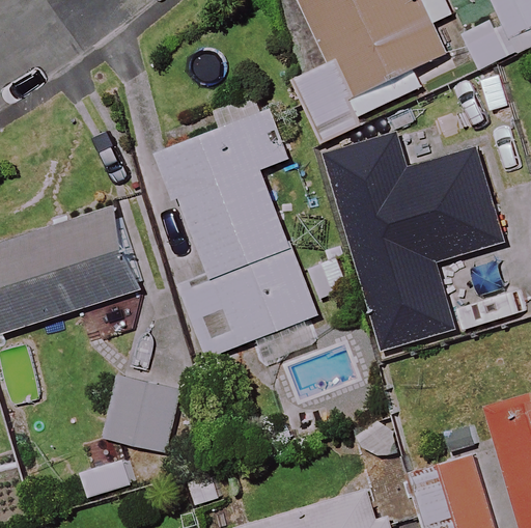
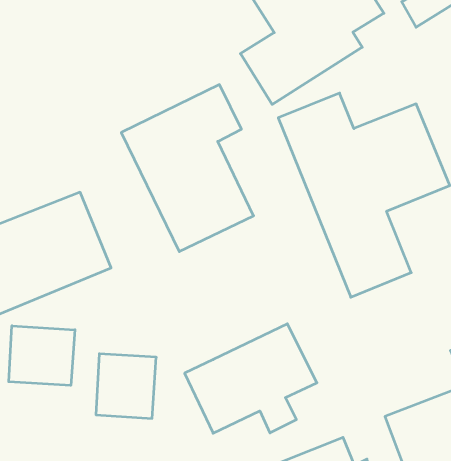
building: [179,250,316,362] -> [185,324,317,433]
building: none -> [9,326,75,385]

